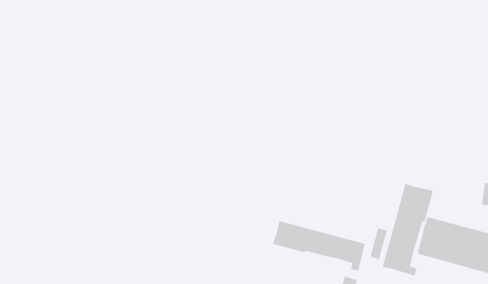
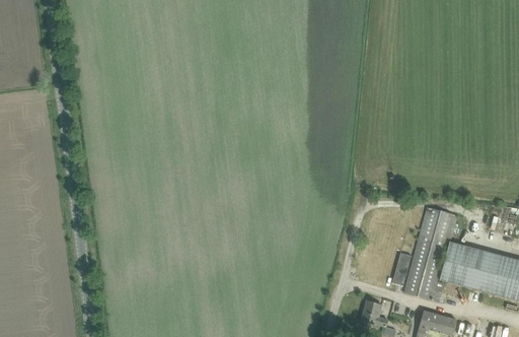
building: [272,220,366,271] -> none

